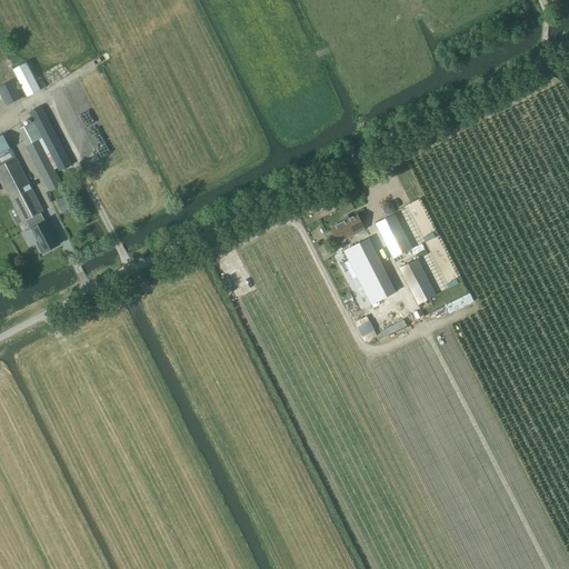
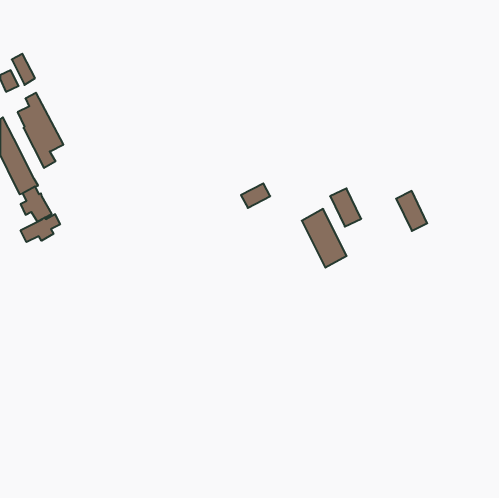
building: [331,214,365,242] -> [241,183,270,208]
building: none -> [21,214,60,242]
building: [399,259,435,305] -> [396,191,427,231]

